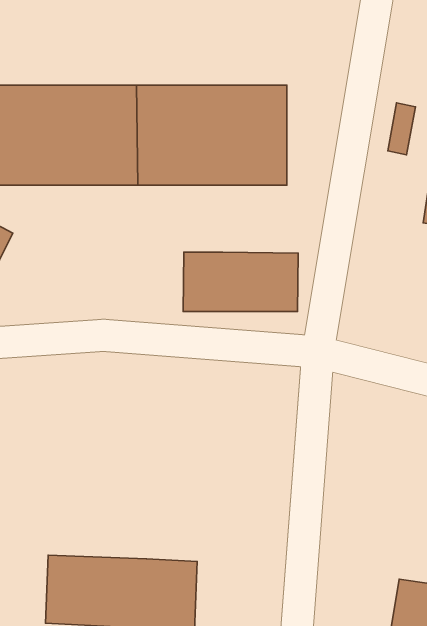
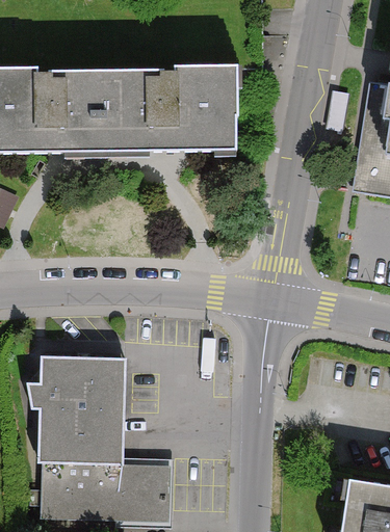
building: [183,252,298,311] -> none
building: none -> [35,355,132,460]

